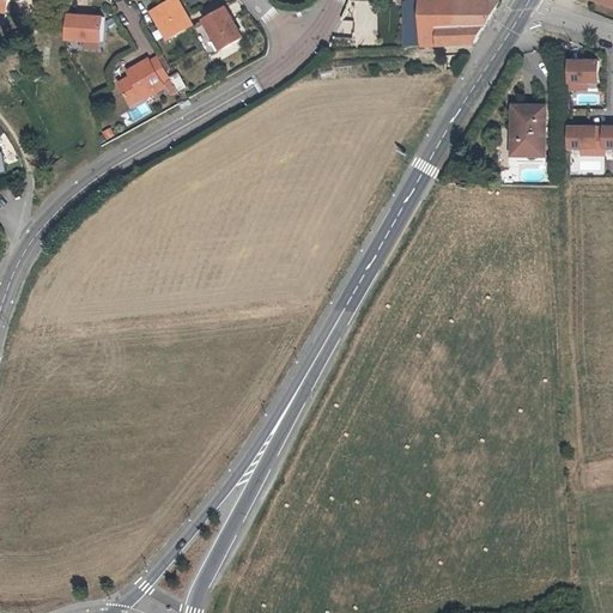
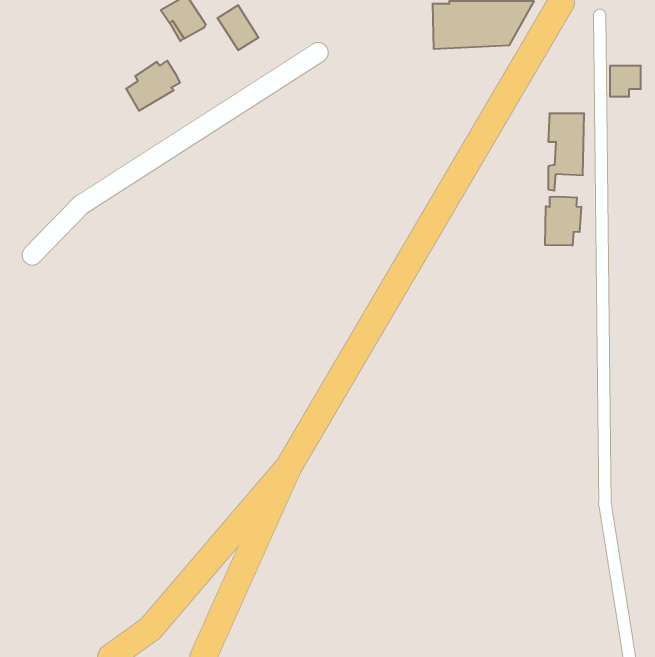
building: [65,14,101,41] -> none
building: [568,126,602,154] -> none
building: none -> [545,197,581,246]

